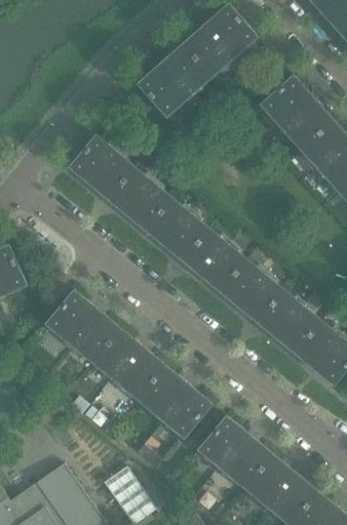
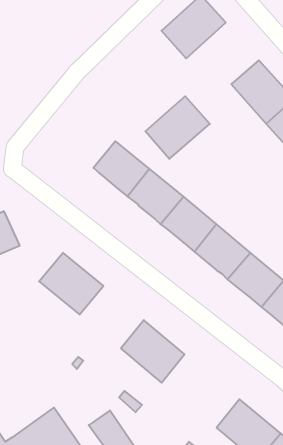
building: [140,44,211,114] -> [145,96,210,159]
building: [71,136,132,197] -> none
building: [92,328,164,398] -> none
building: [199,416,271,486] -> none

